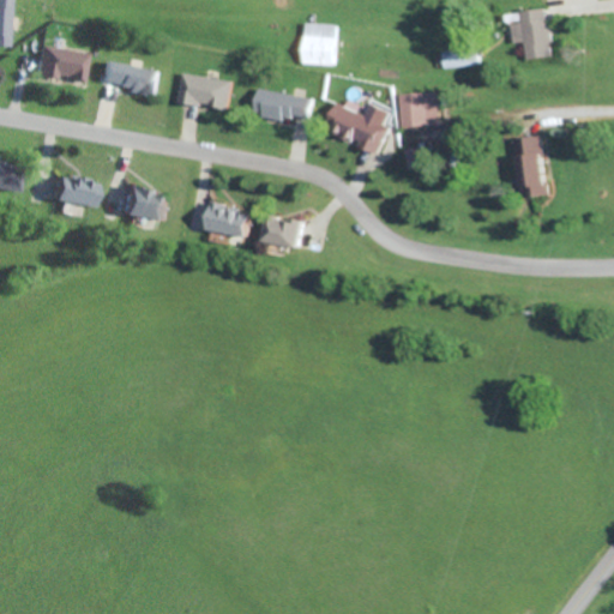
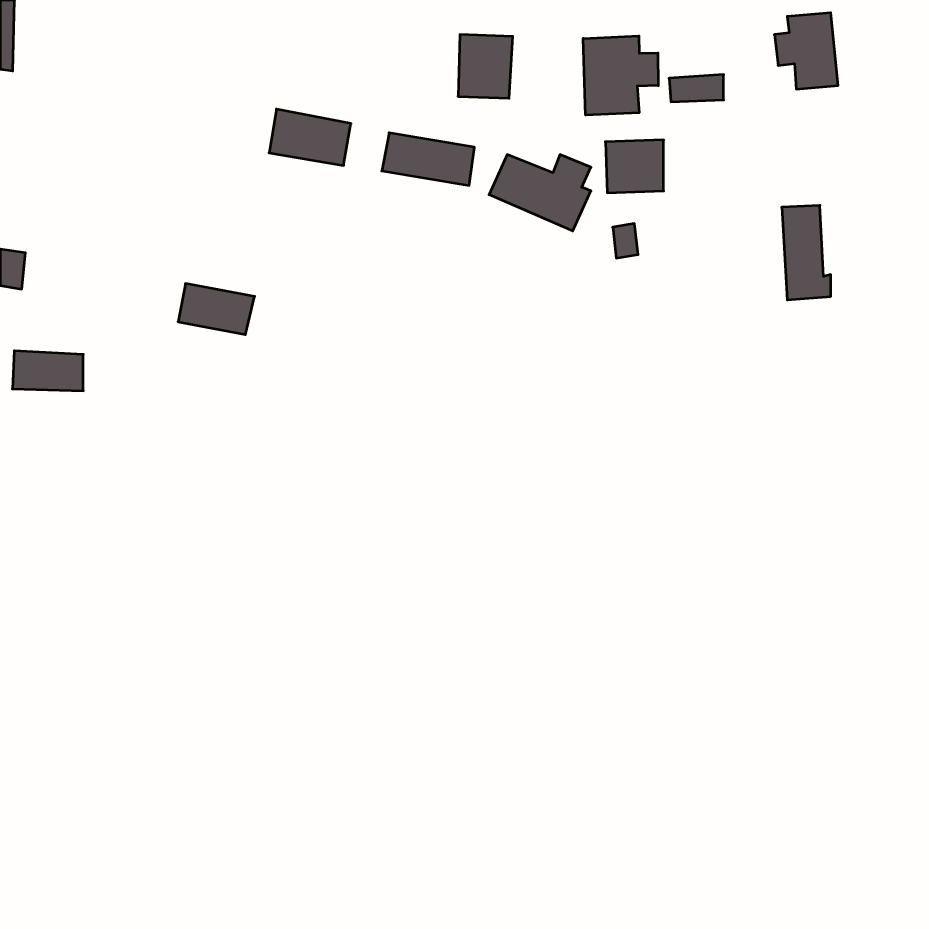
building: none -> [583,36,658,115]
building: [32,44,86,82] -> none
building: [98,60,155,95] -> none
building: [48,177,95,204] -> [12,351,83,391]
building: [201,204,248,236] -> none
building: [260,213,300,247] -> none

